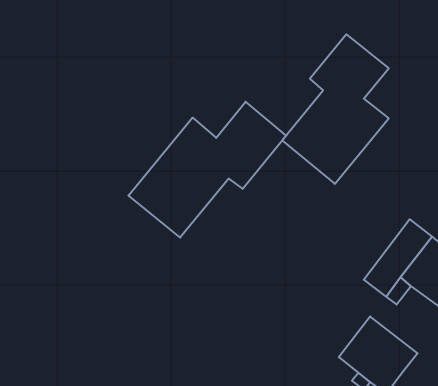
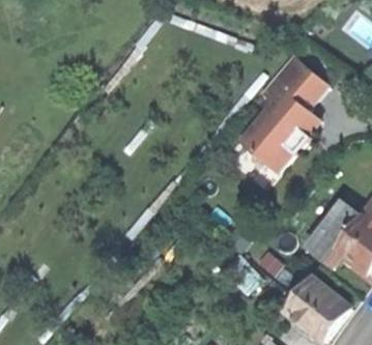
building: [128,102,286,238] -> none

